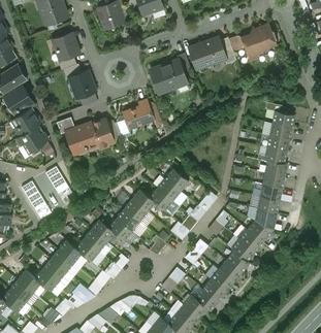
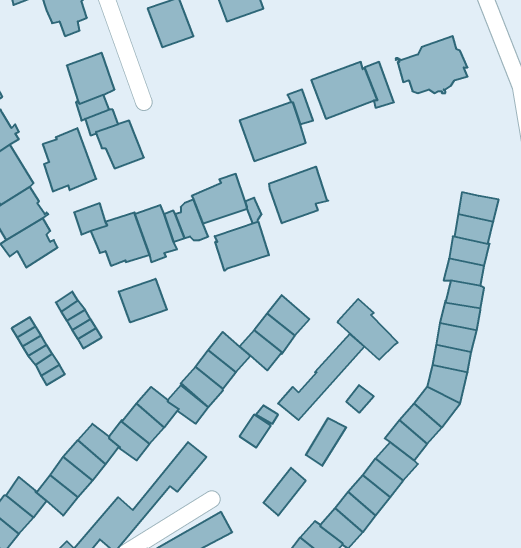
building: none -> [43,128,96,192]
building: none -> [269,167,328,223]
building: none -> [215,222,269,271]
building: none -> [119,279,167,322]
building: none -> [338,299,398,360]

